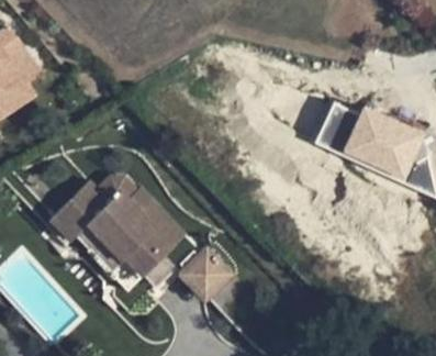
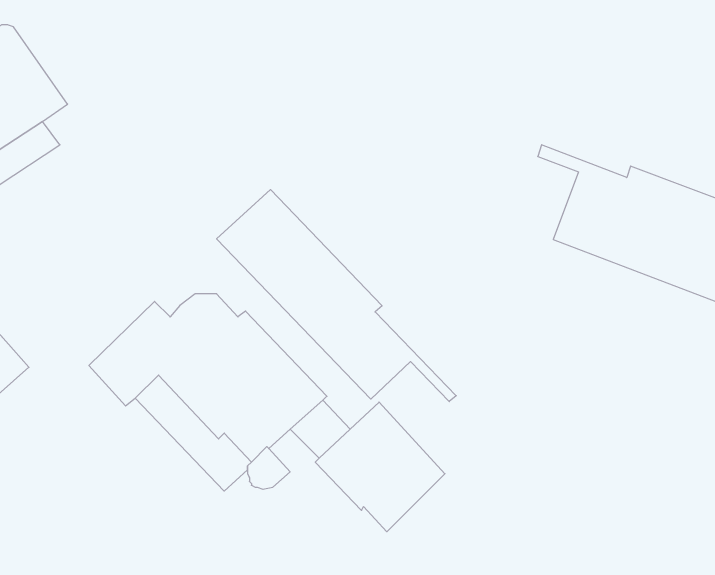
building: none -> [217,190,456,402]

